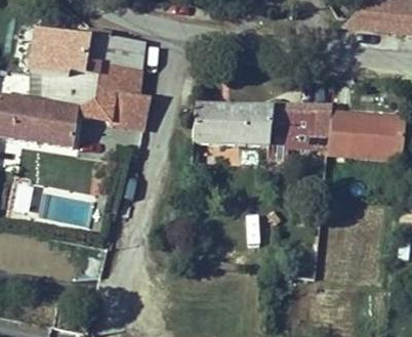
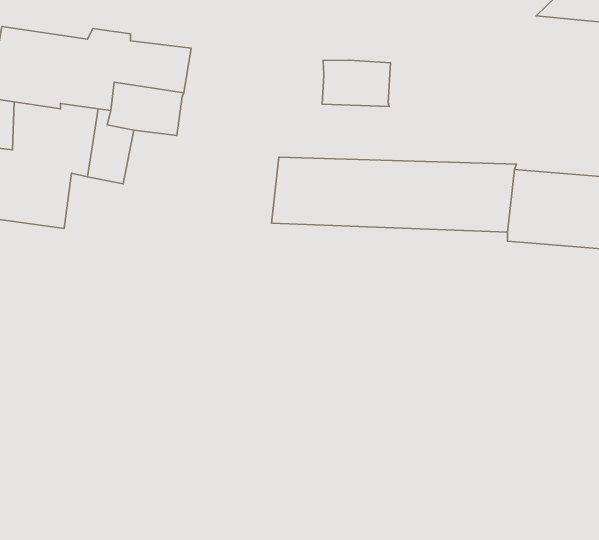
building: none -> [322,60,390,107]
building: [107,90,150,128] -> none

